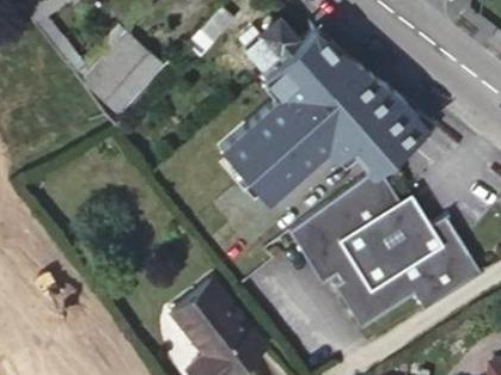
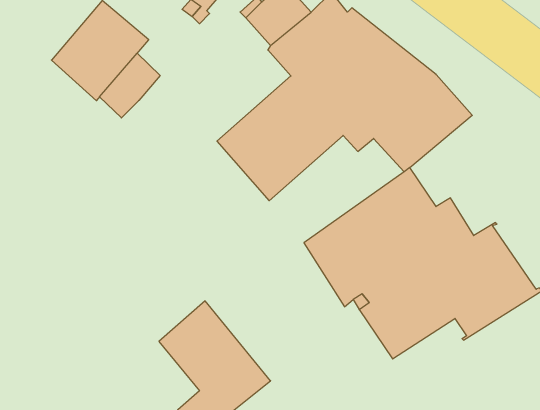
building: none -> [100,53,160,118]

